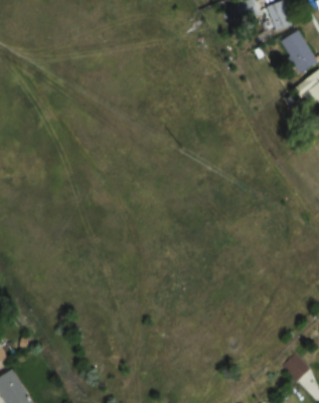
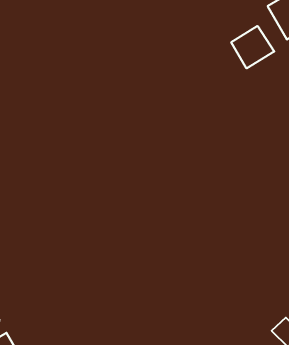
building: none -> [231,26,274,68]

